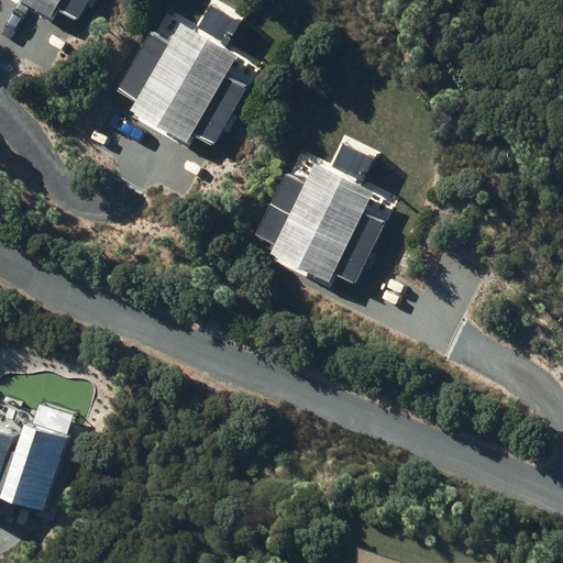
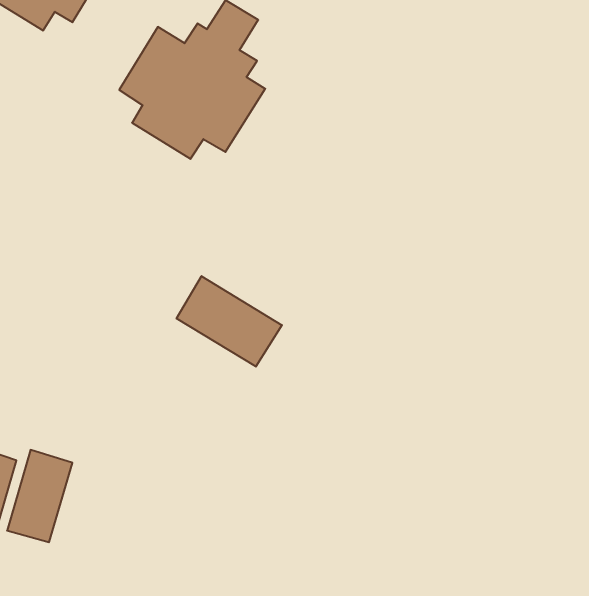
building: [257,164,388,284] -> none
building: none -> [177,276,282,367]

